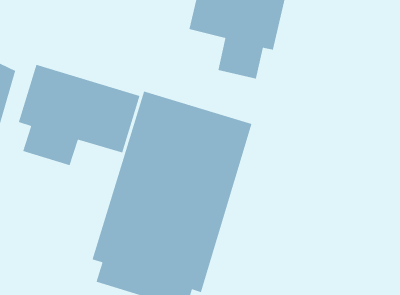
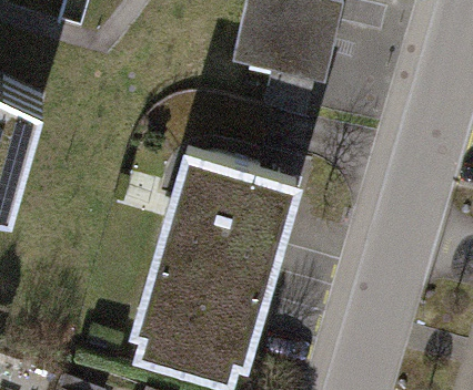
building: [18,64,140,166] -> none

